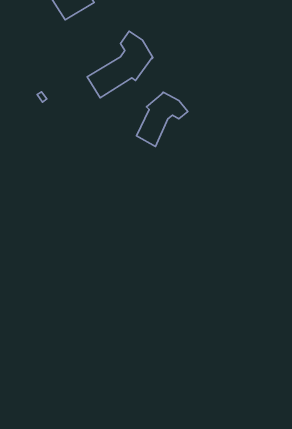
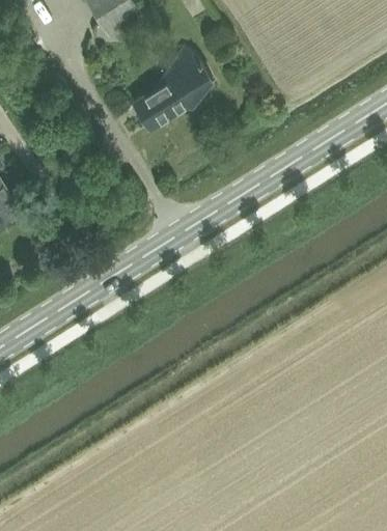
building: [136,92,188,146] -> none

